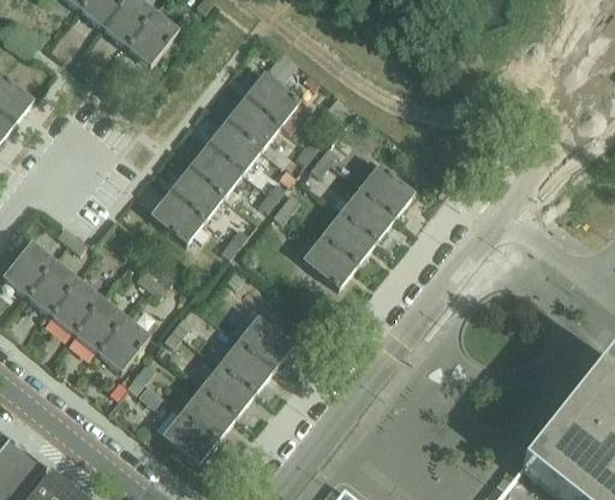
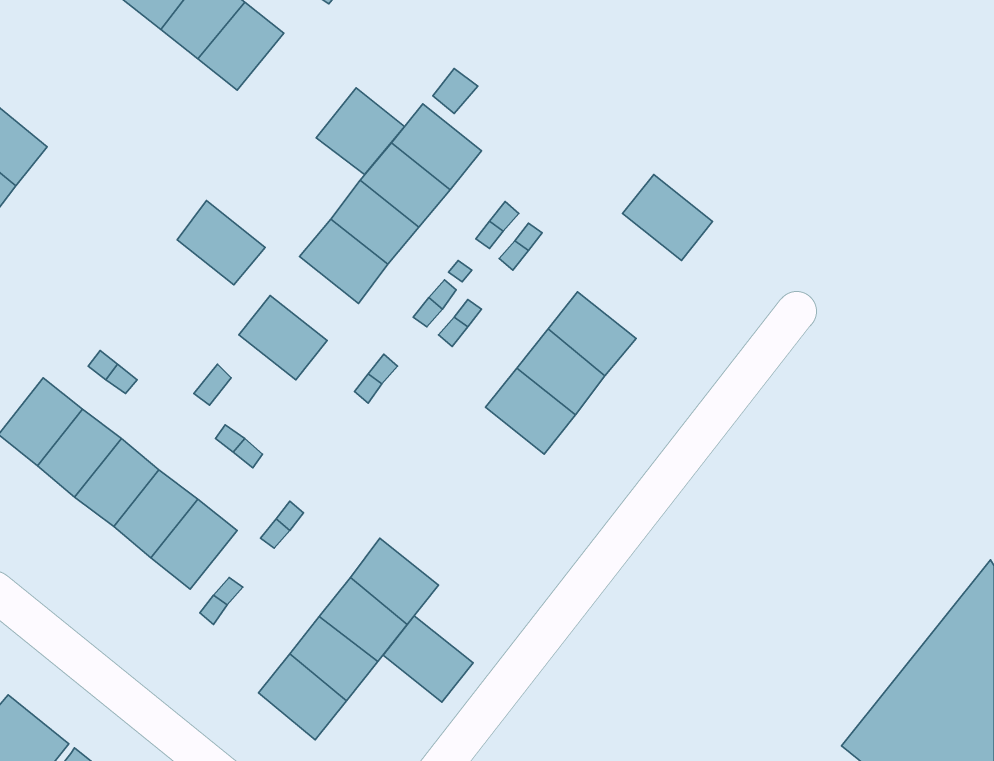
building: none -> [316,88,405,175]
building: [358,165,413,218] -> [623,175,713,261]
building: [169,167,223,219] -> [177,201,265,285]
building: [237,316,292,369] -> [383,616,473,702]

